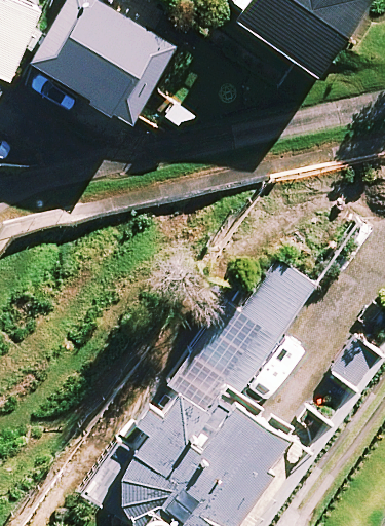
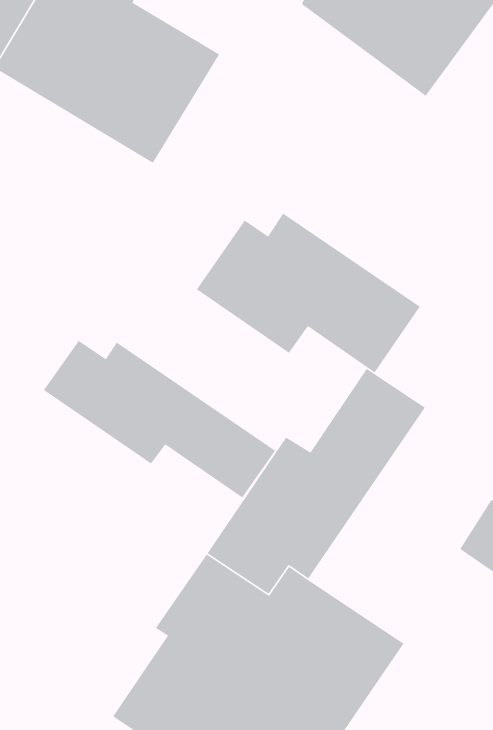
building: none -> [196,213,421,373]
building: none -> [43,340,276,499]

